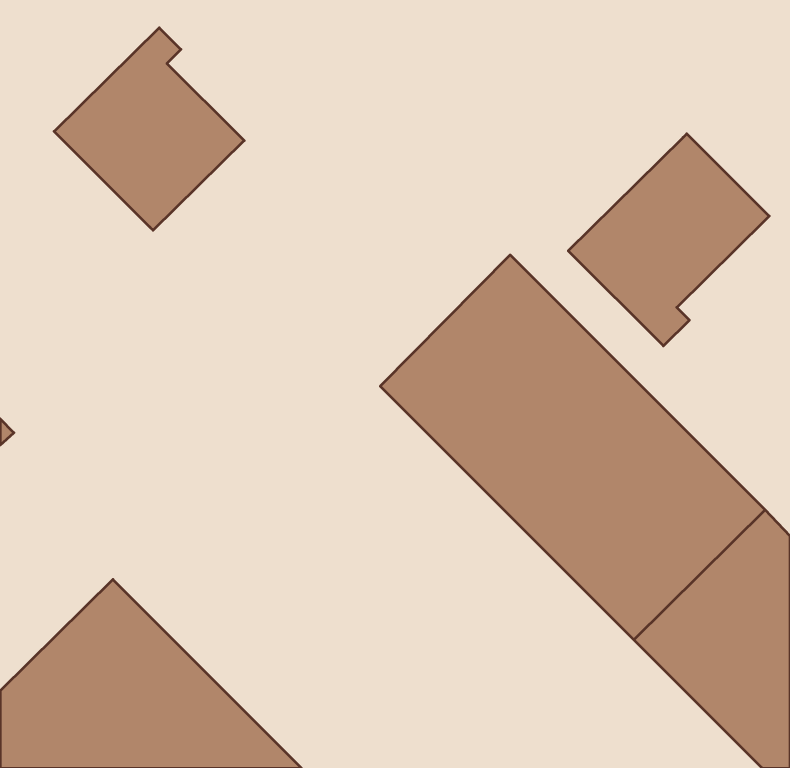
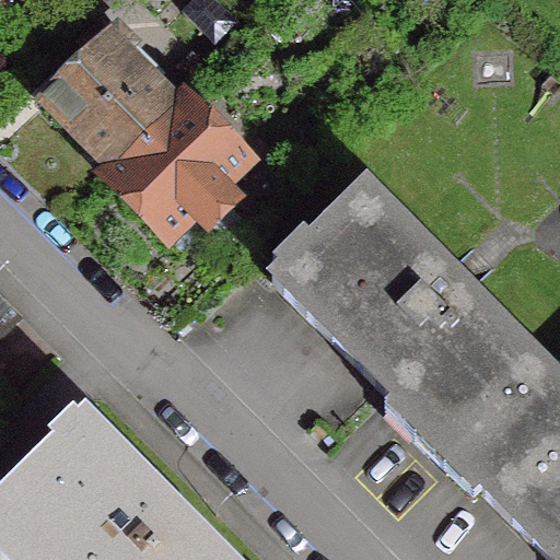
building: none -> [101,91,241,232]
building: [568,134,769,346] -> none

